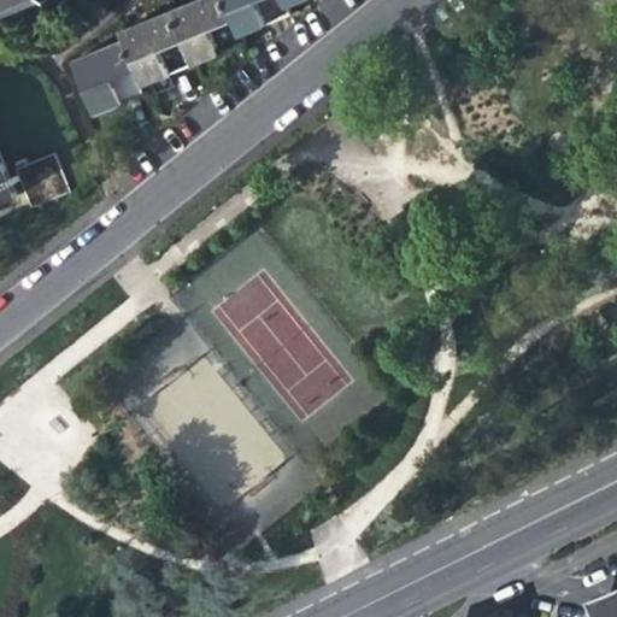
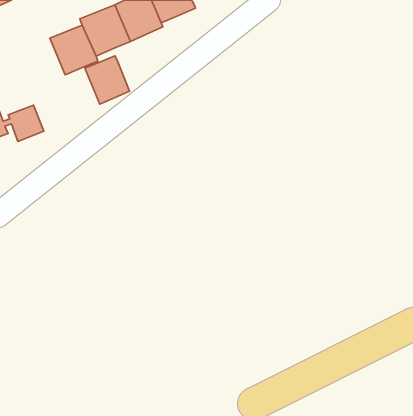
building: none -> [85,56,130,104]

